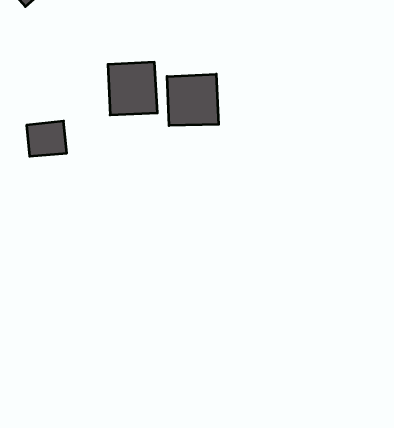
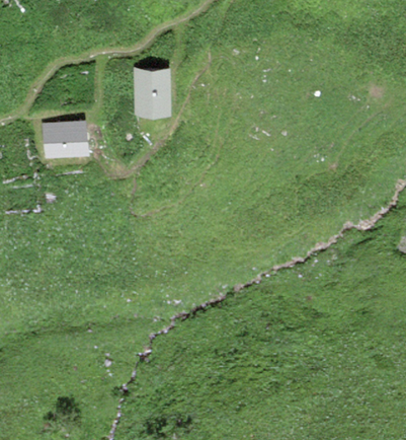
building: [167,74,219,126] -> none

